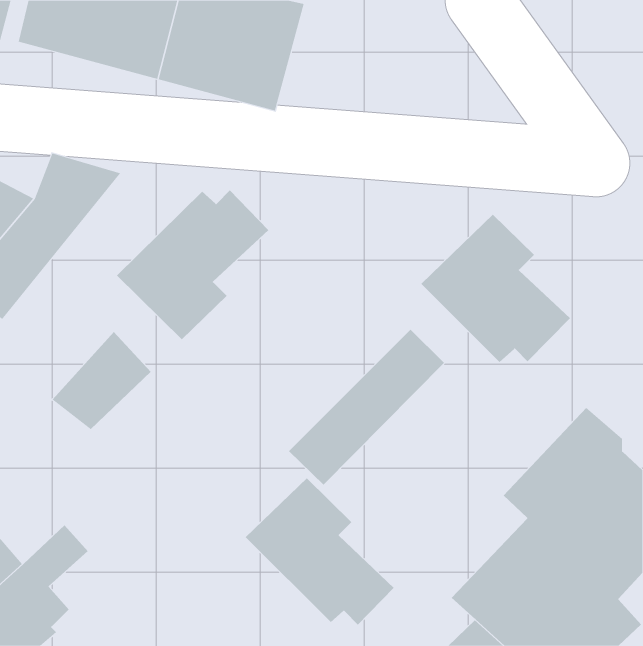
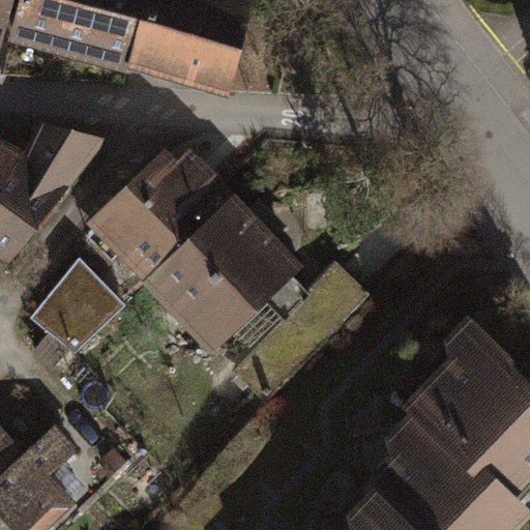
building: [421,214,571,363] -> none
building: none -> [149,188,291,347]
building: [245,477,395,625] -> none

